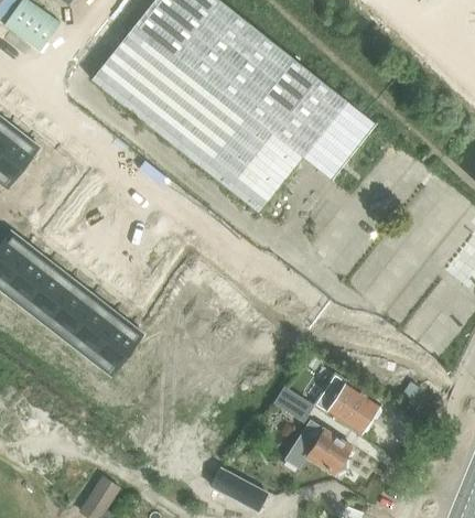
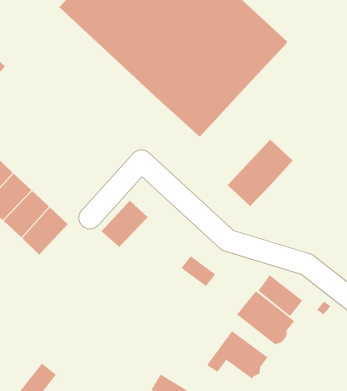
building: [302,100,374,177] -> [227,139,294,207]
building: [90,319,142,373] -> [101,200,148,248]
building: none -> [258,274,303,317]
building: [272,388,312,422] -> [181,255,216,287]

